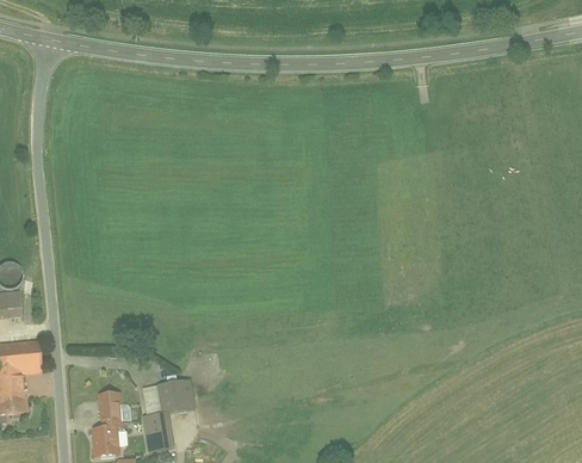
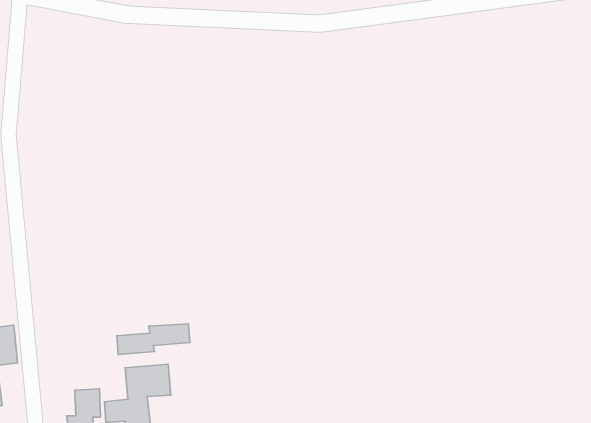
building: none -> [117,324,190,354]

